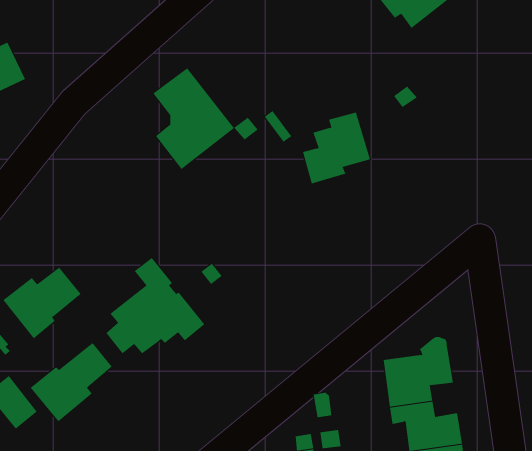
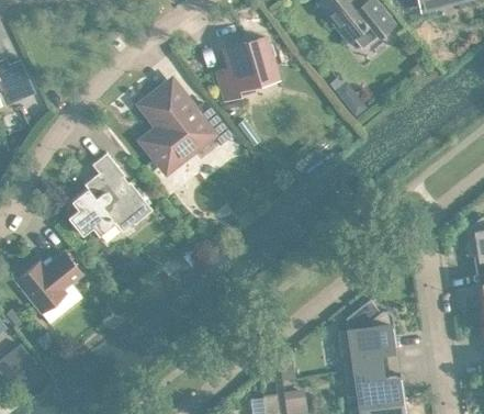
building: [302,112,371,184] -> [217,37,275,99]
building: [106,257,205,354] -> [67,153,151,235]
building: [30,342,113,422] -> none

